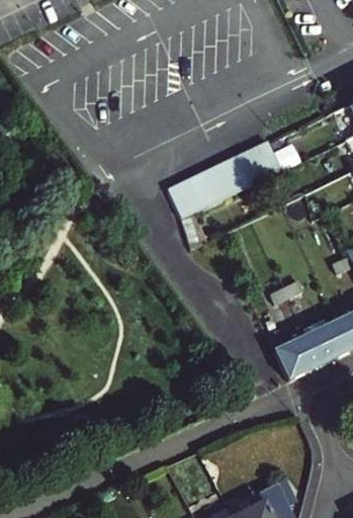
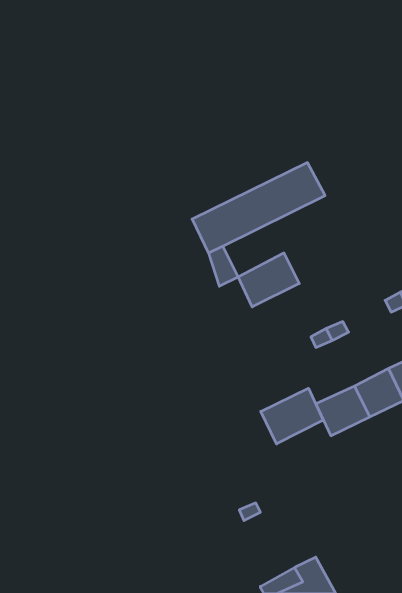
building: none -> [238,253,299,307]
building: none -> [261,388,323,444]

